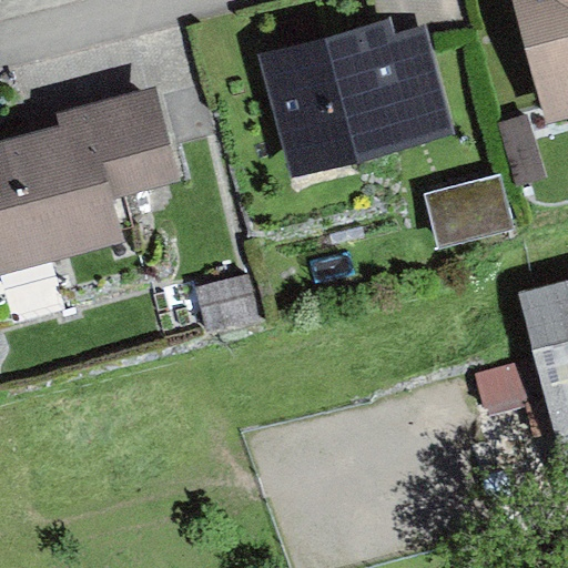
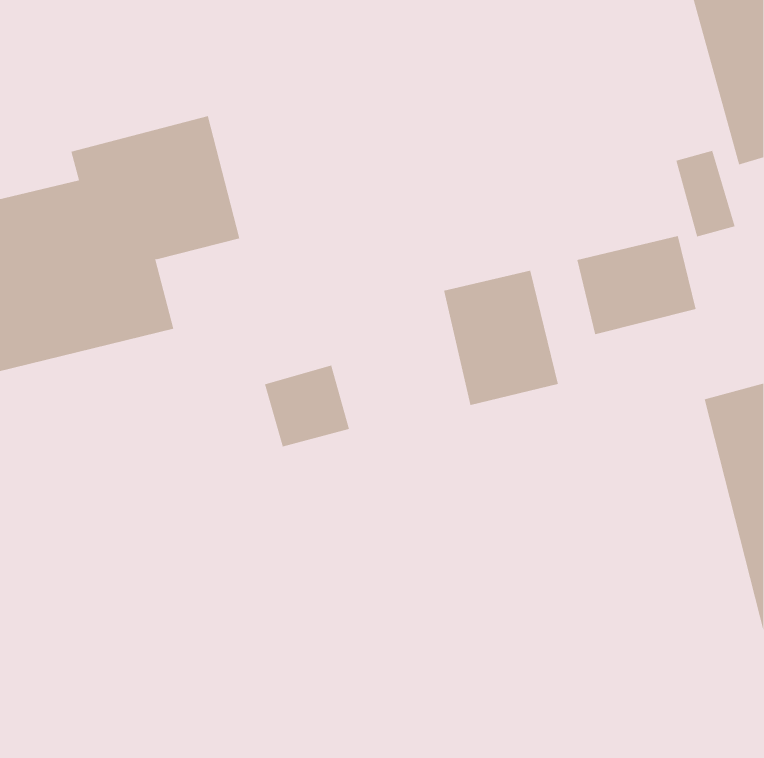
building: [262,21,455,176] -> none
building: none -> [444,270,558,406]

